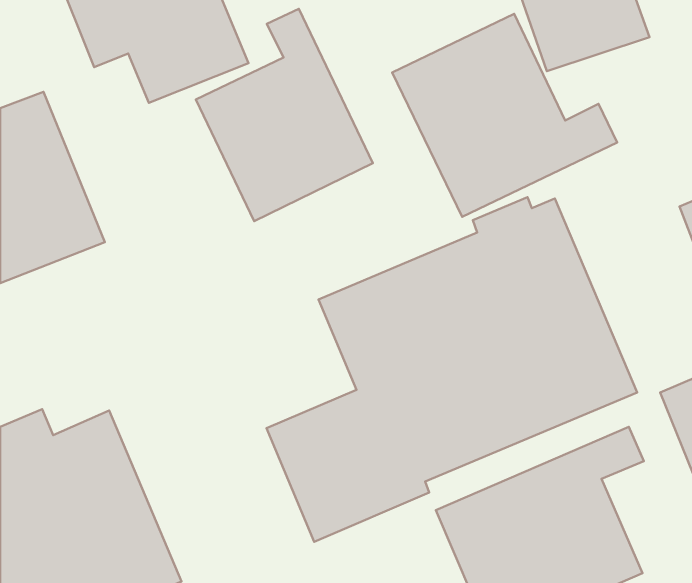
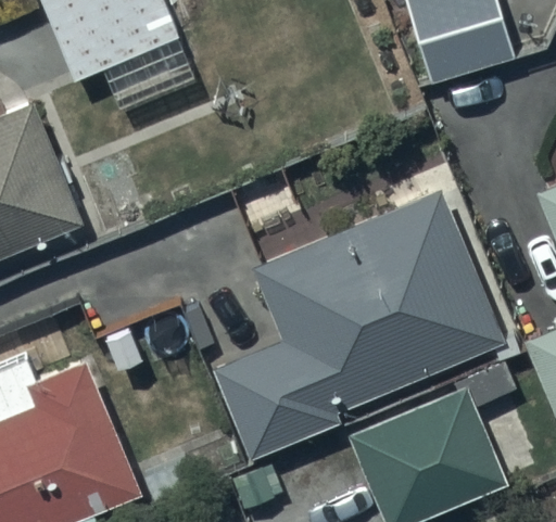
building: [196,9,373,221] -> none
building: [392,14,617,217] -> none

